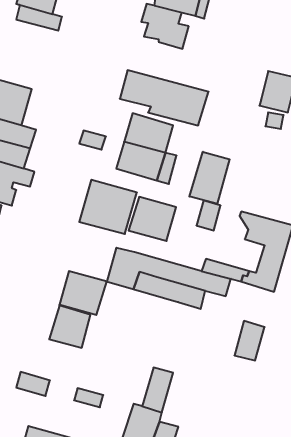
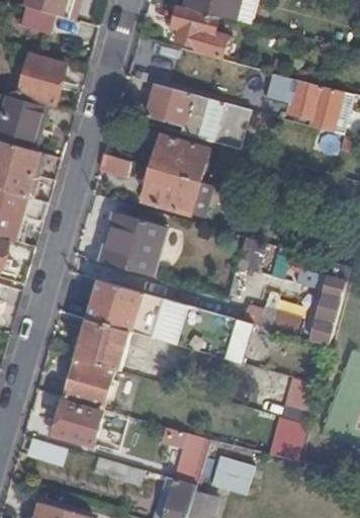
building: none -> [18,53,66,103]
building: none -> [268,72,321,118]
building: [189,152,230,204] -> none
building: [129,197,176,241] -> [87,280,143,332]
building: none -> [54,404,101,447]
building: none -> [271,419,305,460]
building: none -> [212,453,257,495]

